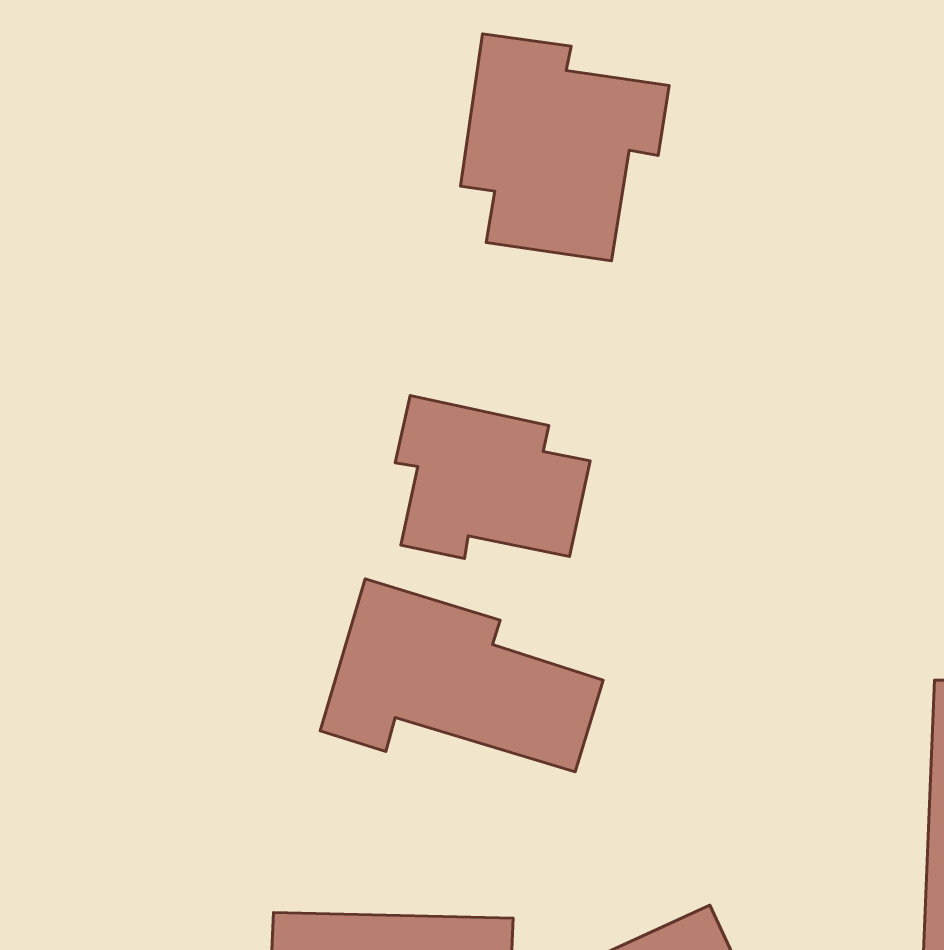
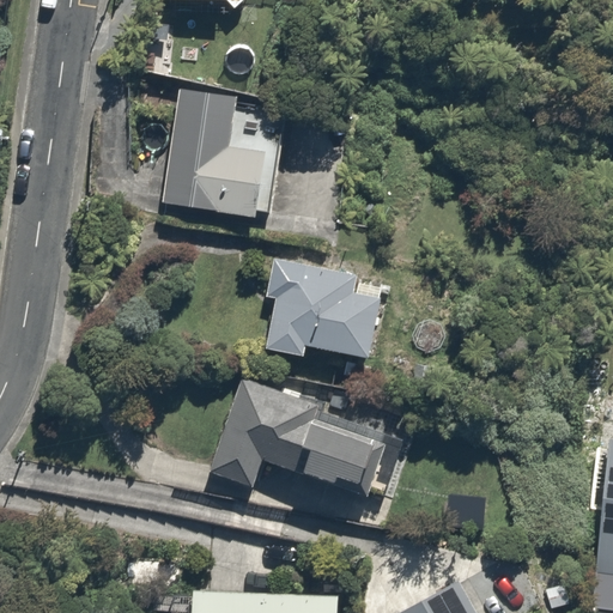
building: [460,34,669,261] -> none
building: none -> [158,87,280,224]

